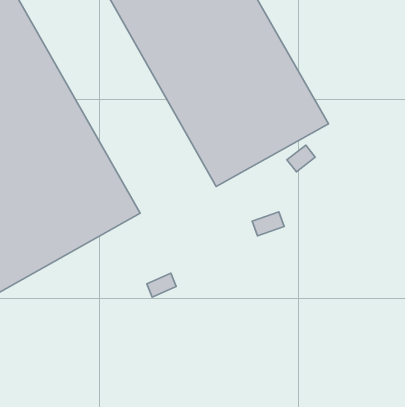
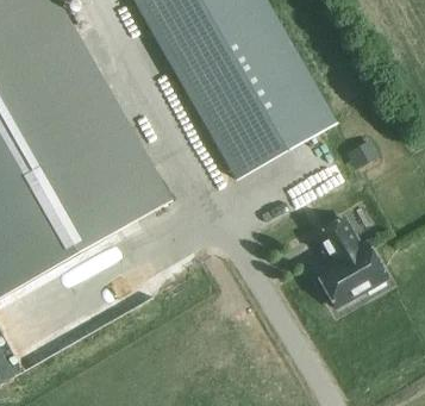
building: none -> [313,213,385,304]

